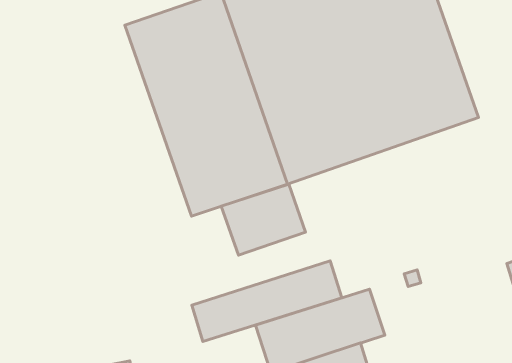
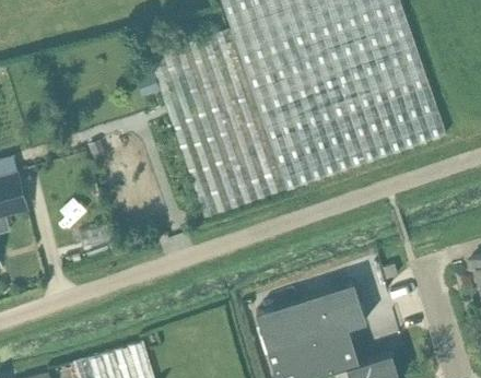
building: [221,184,305,255] -> none
building: [192,261,342,342] -> none

